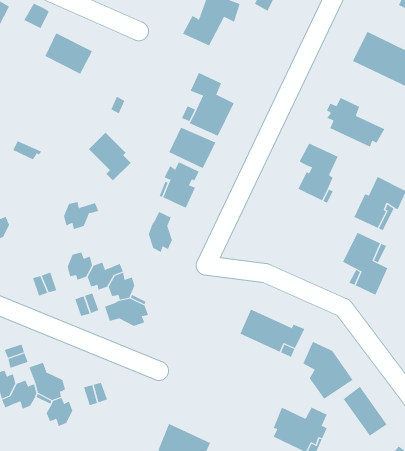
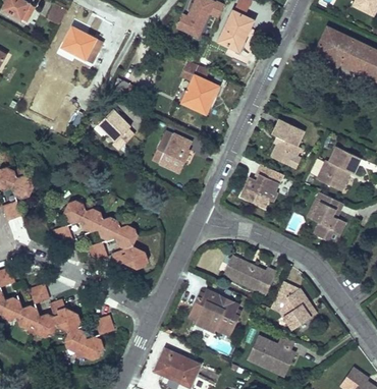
building: none -> [218,10,253,51]
building: [326,97,385,147] -> none
building: [169,127,216,169] -> none
building: none -> [239,164,282,208]
building: [63,201,99,230] -> [63,200,93,223]
building: [148,211,173,253] -> none
building: none -> [187,289,238,336]
building: [343,386,387,436] -> none
building: none -> [73,335,103,359]

